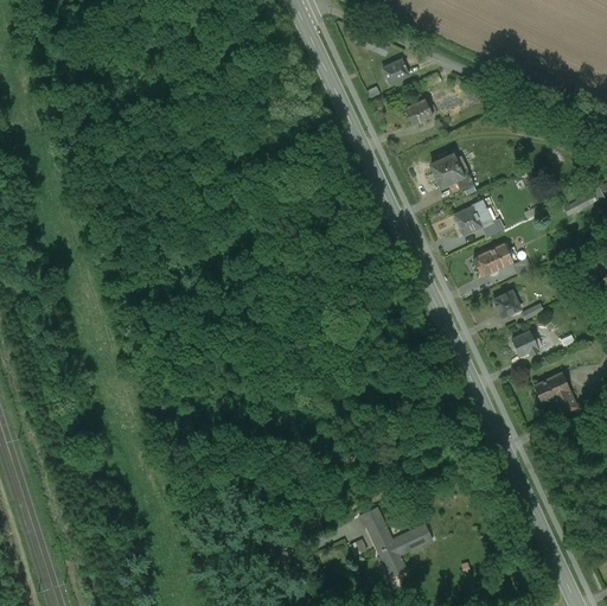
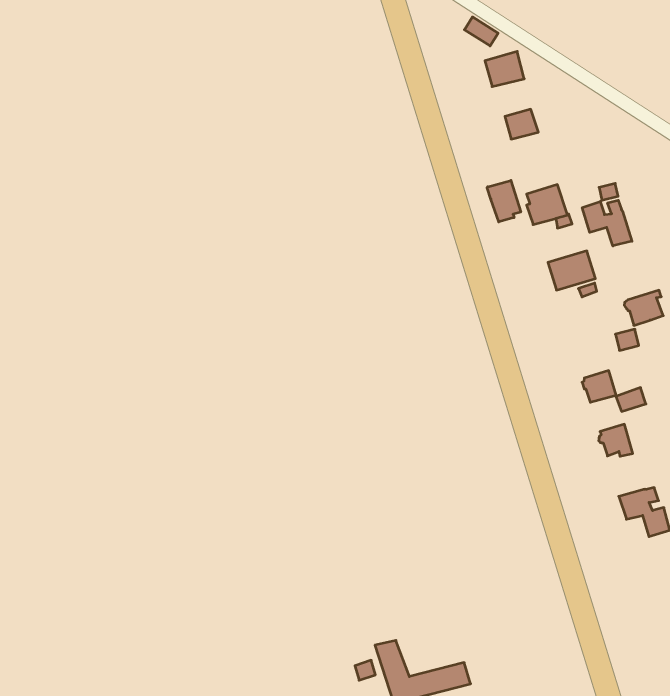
building: none -> [487,180,521,222]
building: none -> [582,200,632,246]
building: [473,245,504,275] -> [624,290,663,325]

